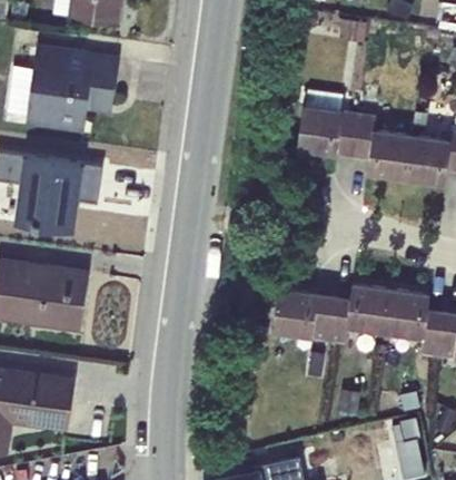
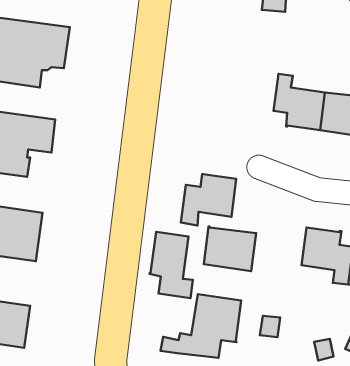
building: [297,91,358,157] -> none
building: [327,285,390,344] -> [181,174,236,226]
building: none -> [149,232,193,298]
building: none -> [160,294,241,358]

